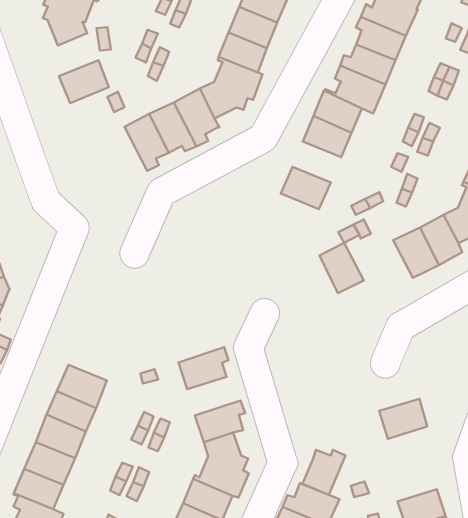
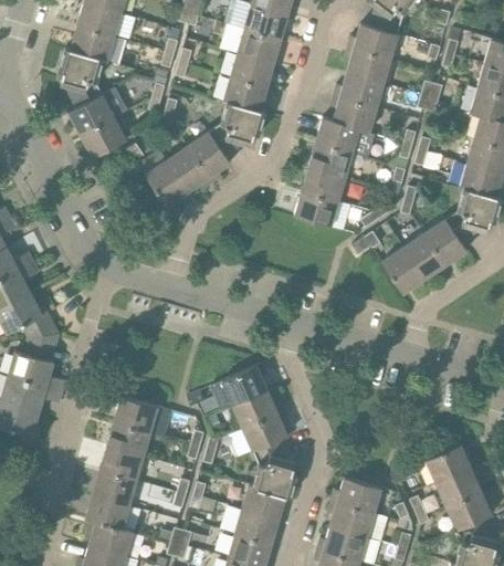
building: none -> [69,93,115,135]
building: none -> [303,167,346,201]
building: [319,243,364,293] -> [381,247,424,293]
building: none -> [232,389,282,428]
building: [379,399,427,439] -> [424,443,470,483]
building: [302,450,345,495] -> none

